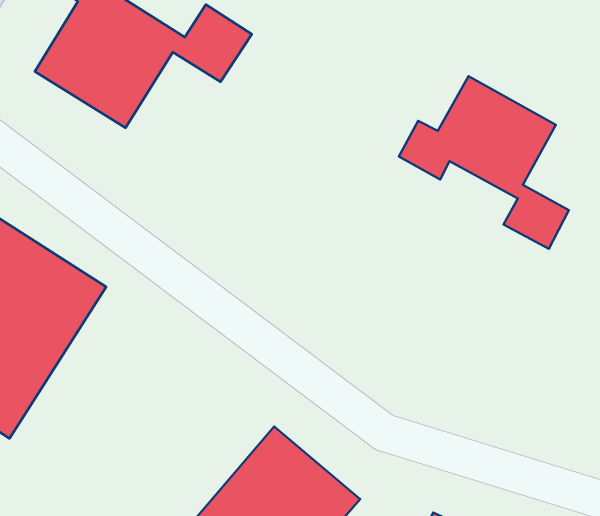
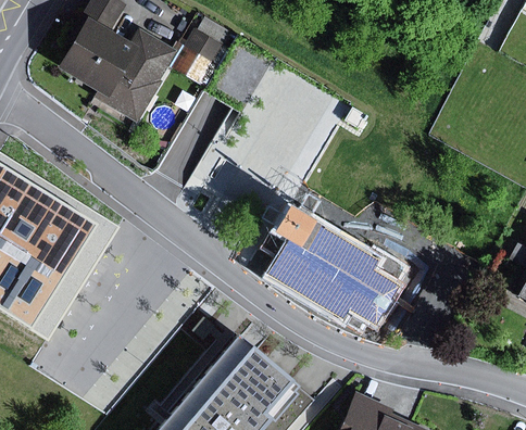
building: [399,76,569,249] -> none
building: none -> [267,206,410,333]

